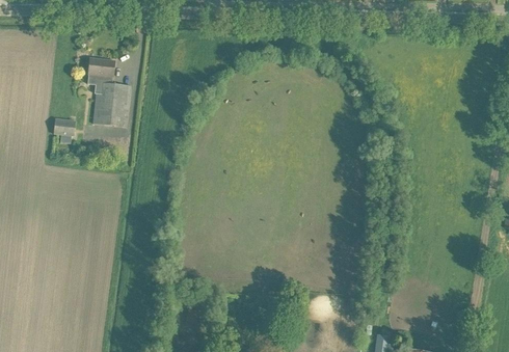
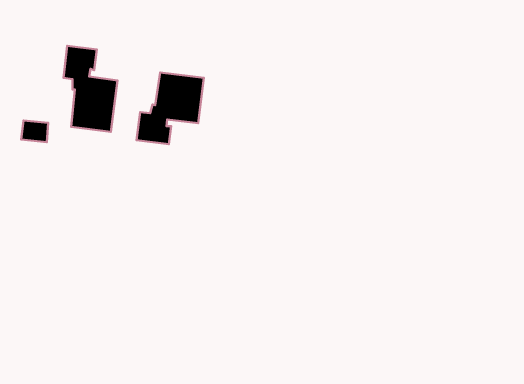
building: none -> [136,73,204,144]

